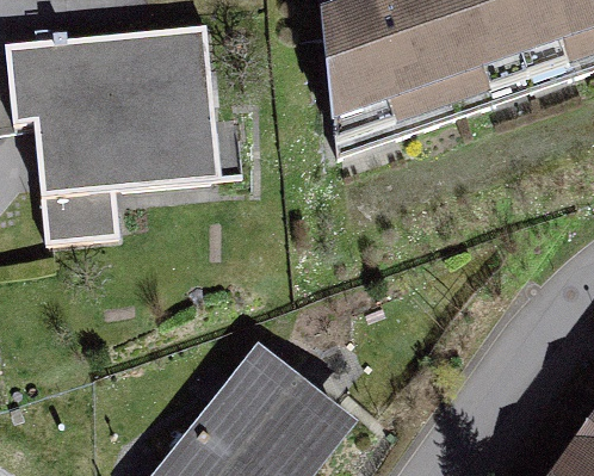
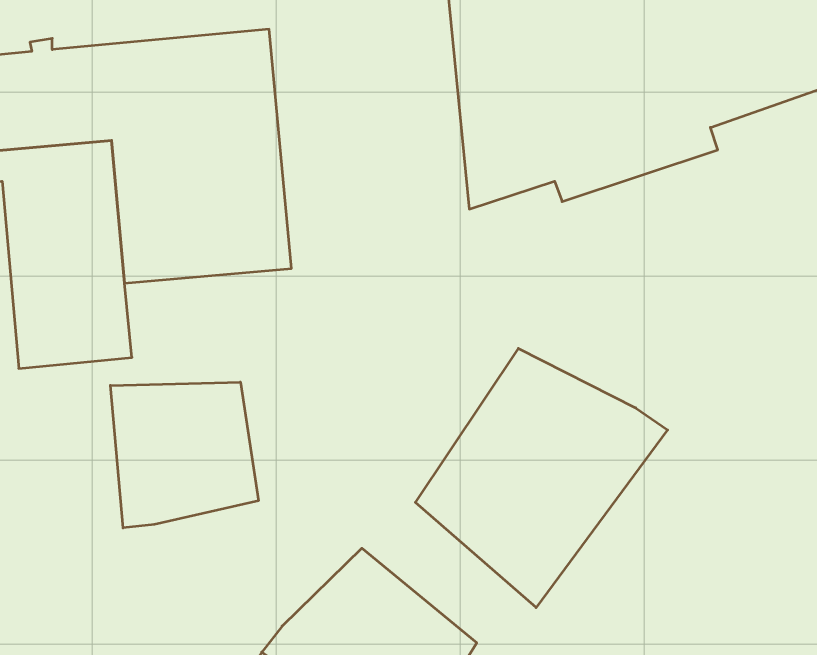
building: none -> [415,348,668,608]
building: none -> [110,382,258,528]

